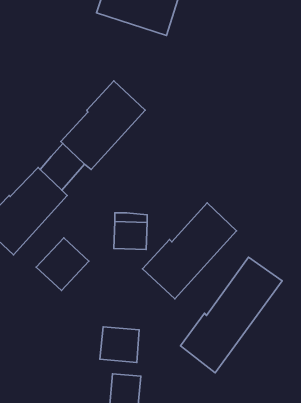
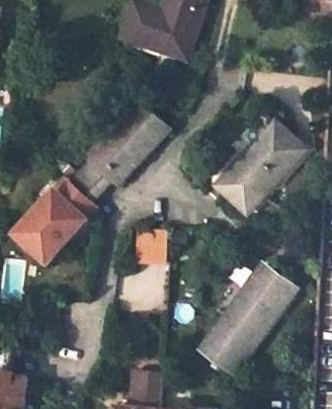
building: [143,203,236,299] -> [212,125,300,215]
building: [36,238,89,291] -> none
building: [100,327,139,363] -> none

